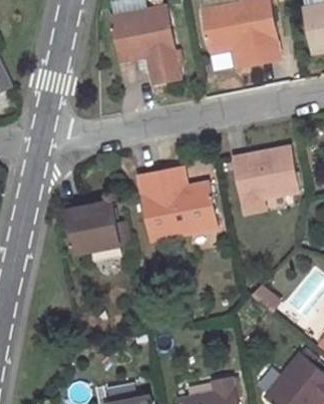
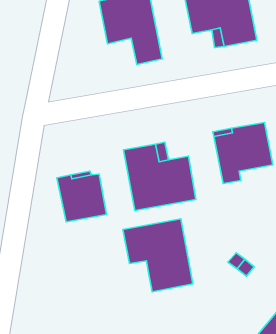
building: none -> [123,219,193,292]

